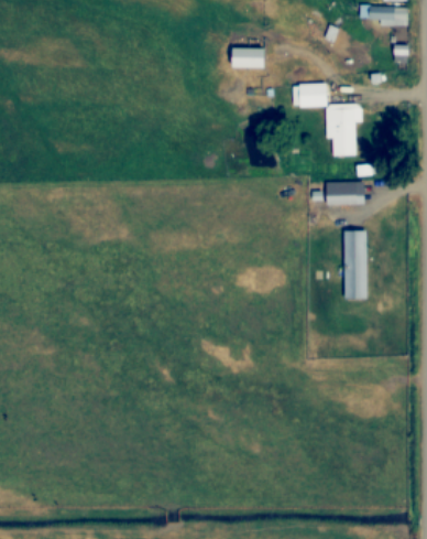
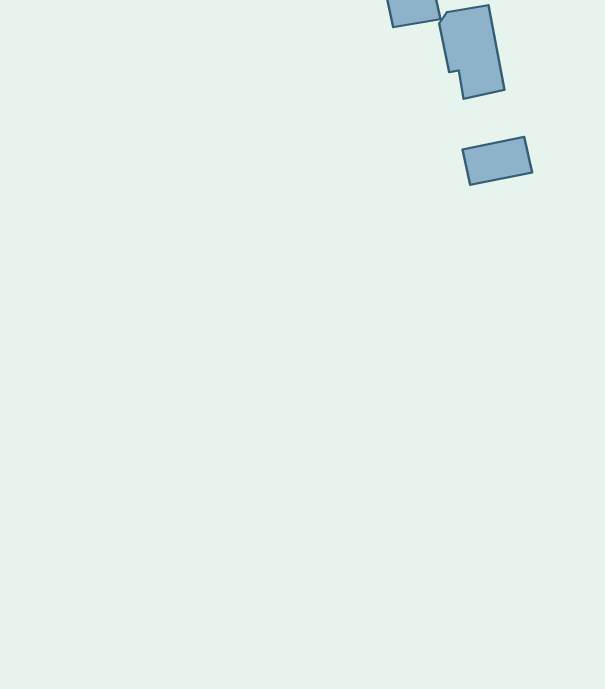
building: [343,230,366,298] -> none

